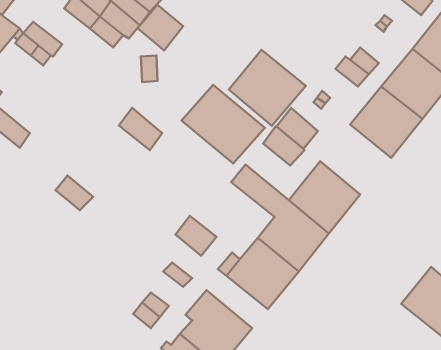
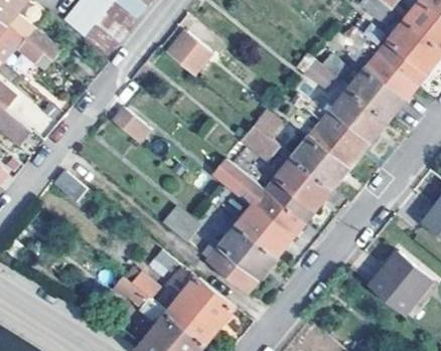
building: [137,5,183,51] -> [164,32,205,73]
building: [229,50,306,126] -> none
building: [182,85,265,164] -> none
building: none -> [293,124,357,187]

